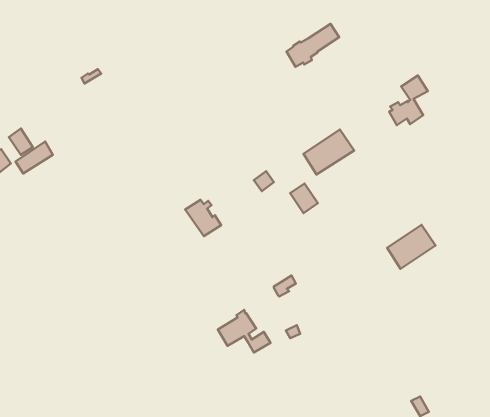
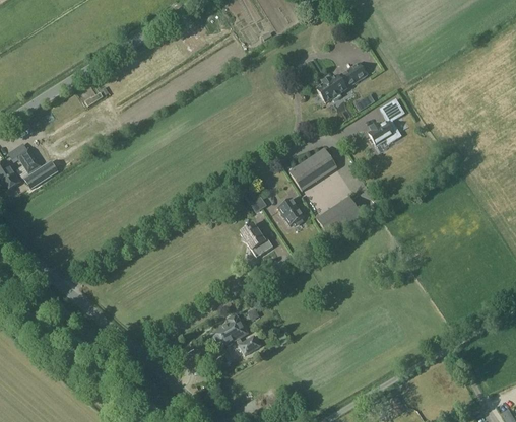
building: [287,24,339,67] -> [316,62,365,101]
building: [185,200,221,236] -> [239,223,272,257]
building: [387,225,436,269] -> [316,196,361,236]

